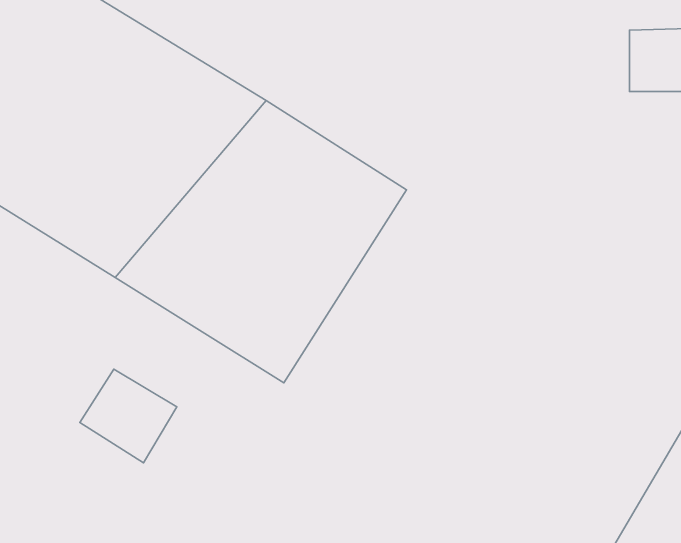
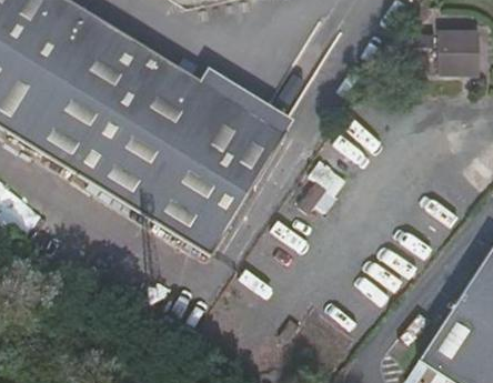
building: [80,369,177,463] -> none

